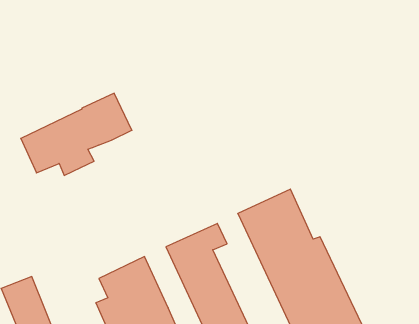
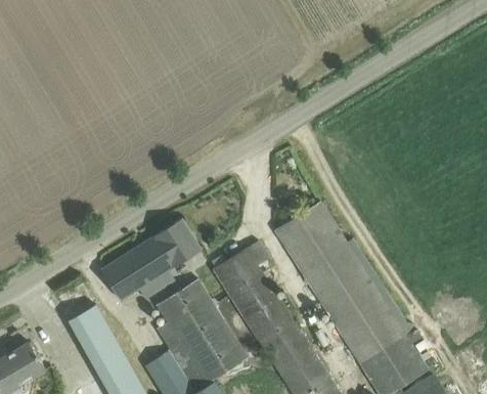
building: [21,93,132,175] -> [101,218,202,300]

